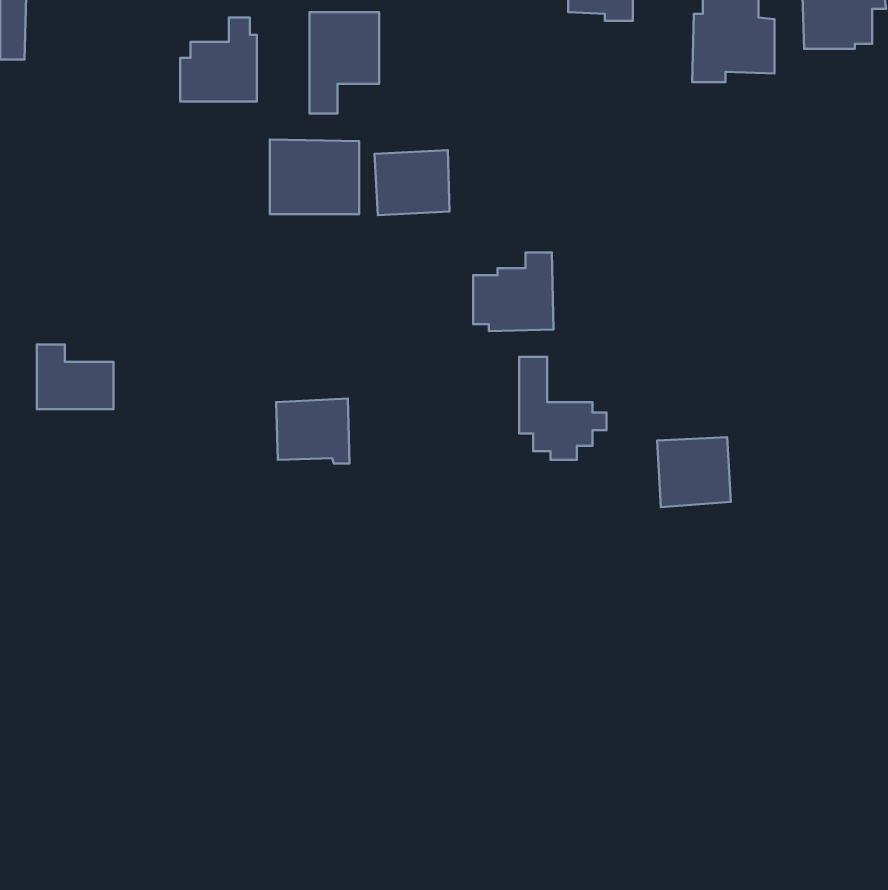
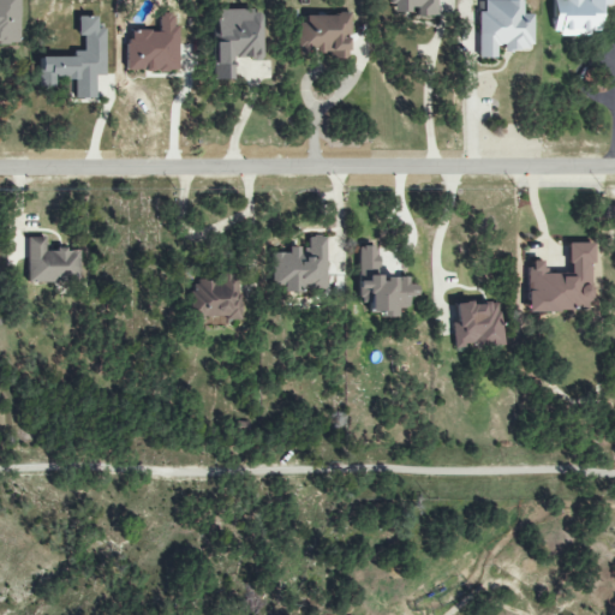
building: none -> [41,13,108,97]
building: [270,140,359,214] -> none
building: [374,150,450,215] -> [300,11,352,55]
building: [473,252,554,331] -> [274,235,329,289]
building: none -> [530,241,593,310]

